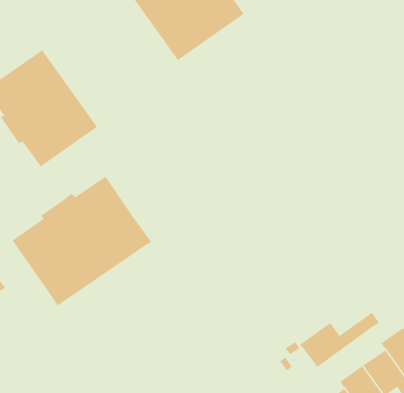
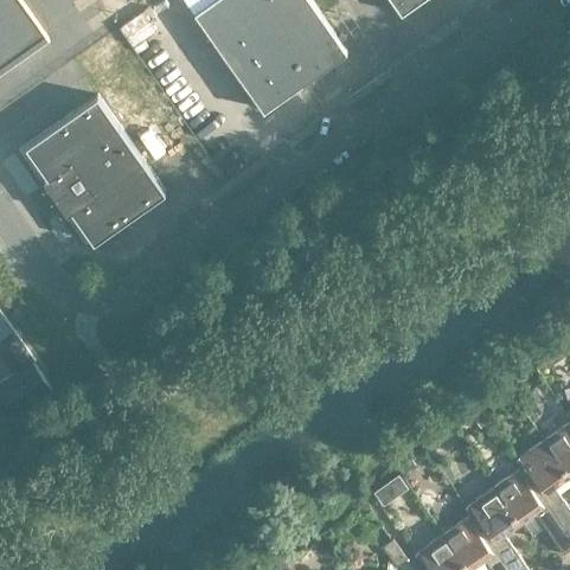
building: [12,176,152,306] -> none
building: [300,312,380,368] -> none

